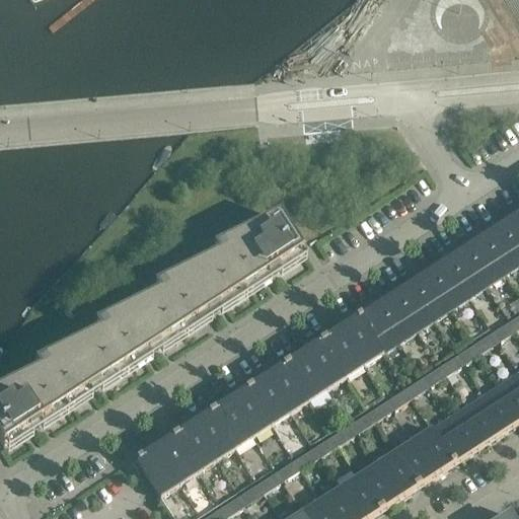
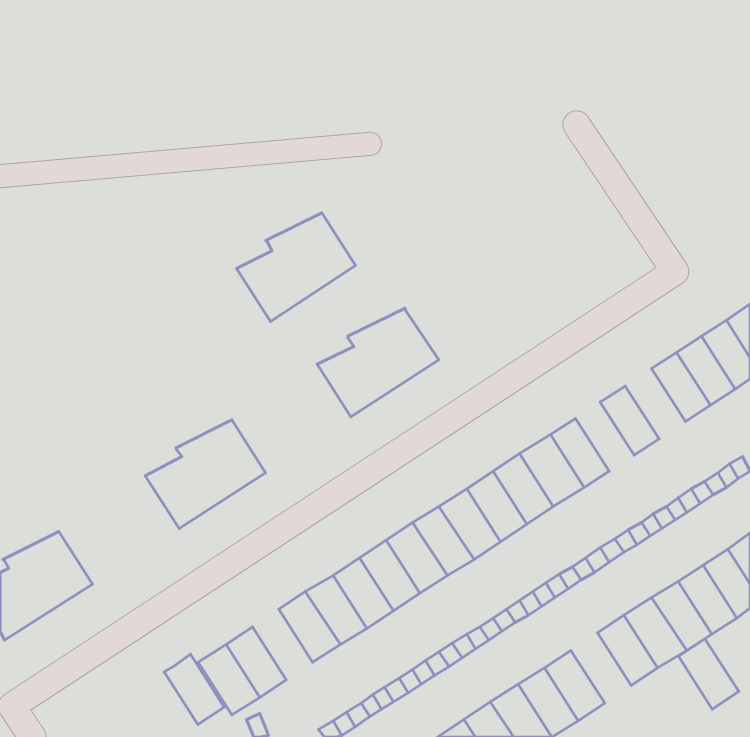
building: [160,251,242,326] -> [237,213,356,321]
building: [432,254,473,303] -> none
building: [397,278,438,325] -> none
building: [41,328,124,403] -> none
building: [174,421,216,469] -> [164,654,224,725]
building: [394,437,436,486] -> [679,639,739,709]

